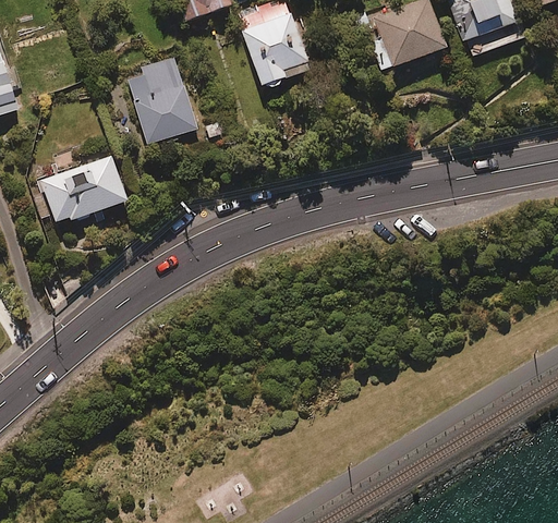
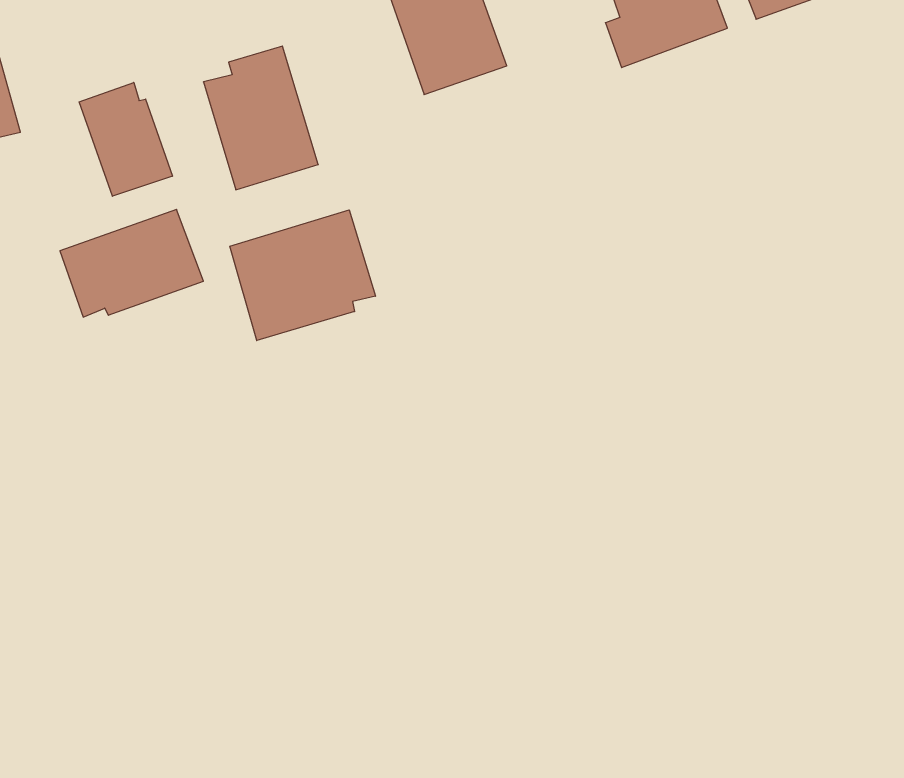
building: none -> [79,82,172,196]
building: none -> [230,210,375,341]

